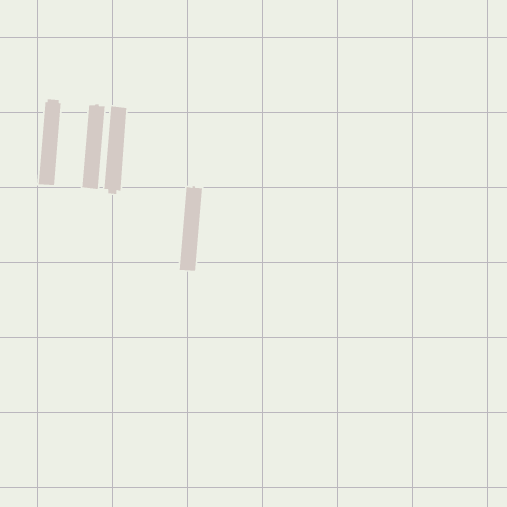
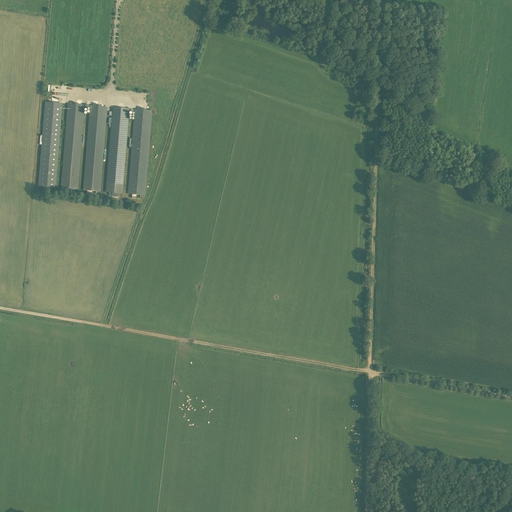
building: none -> [60,102,84,189]
building: [179,185,203,272] -> [127,107,151,194]

